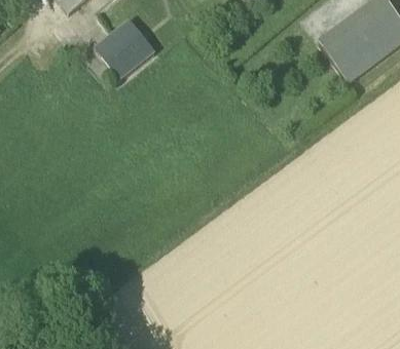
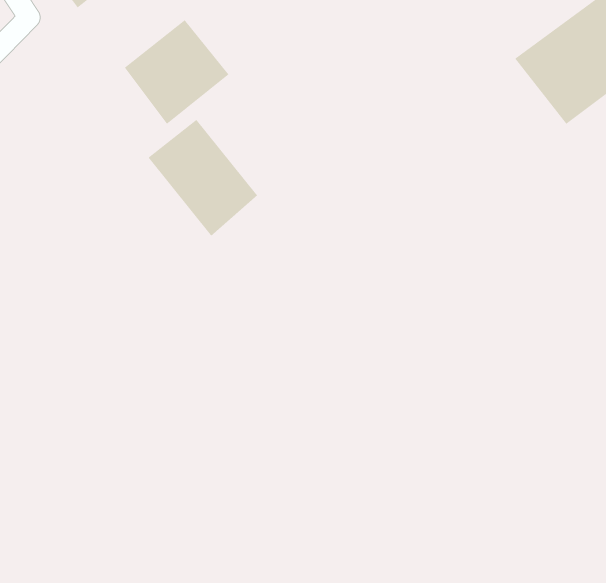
building: none -> [148,119,258,237]

